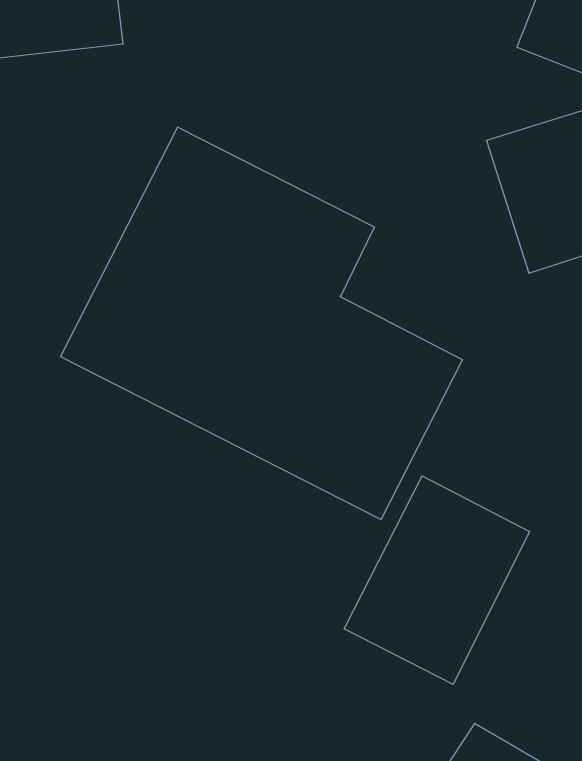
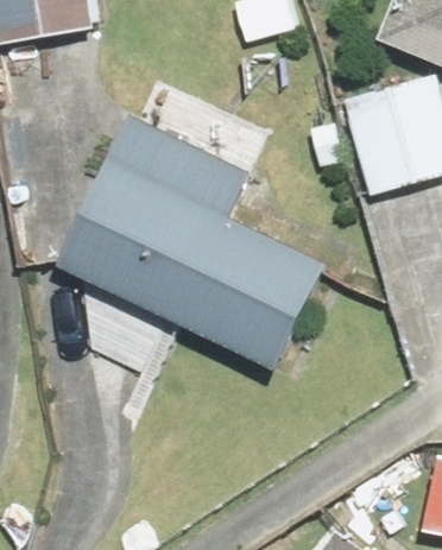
building: [344,476,530,684] -> none

